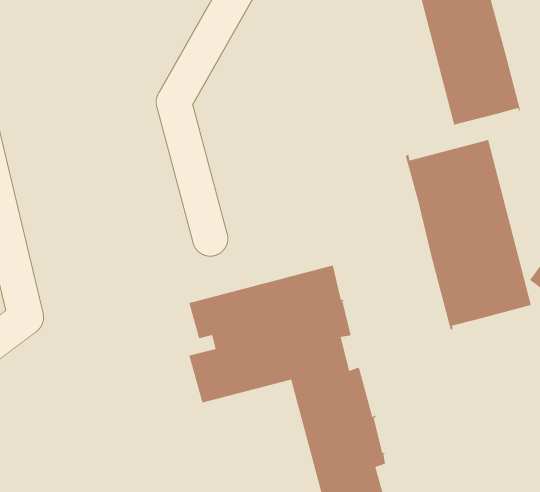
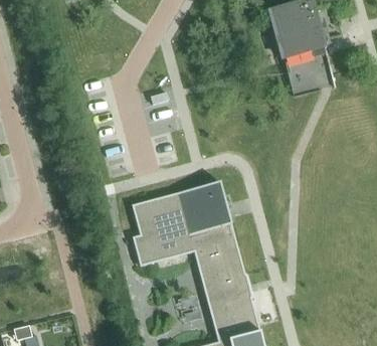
building: [405,139,531,330] -> none

